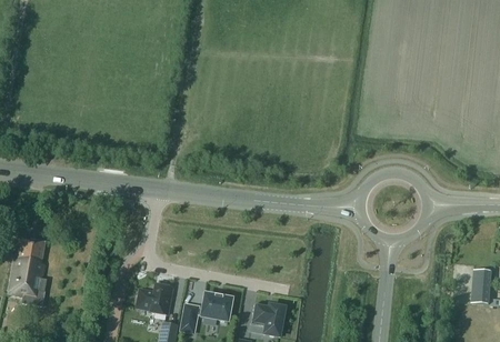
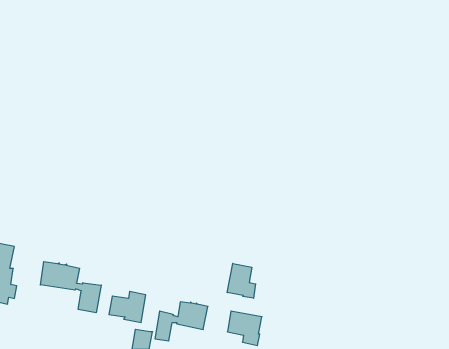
building: none -> [40,262,101,313]
building: none -> [227,263,256,298]

